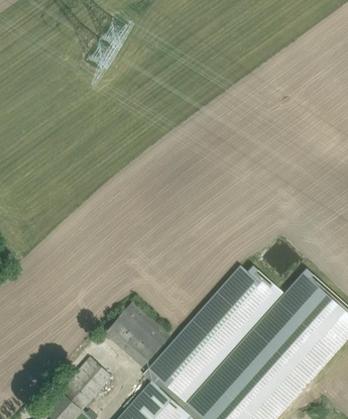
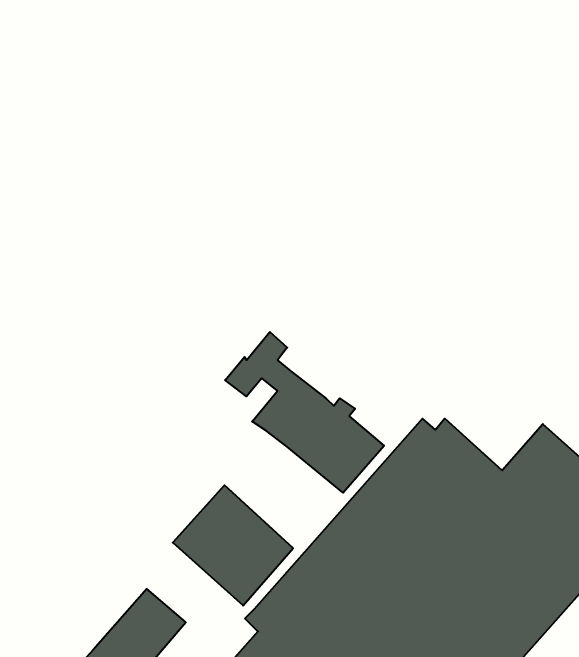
building: none -> [225,332,384,493]

